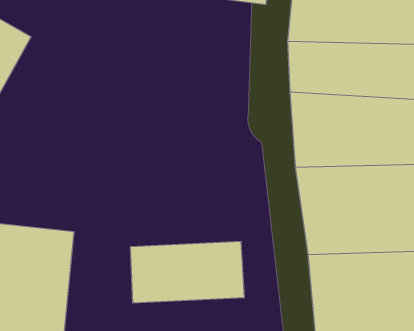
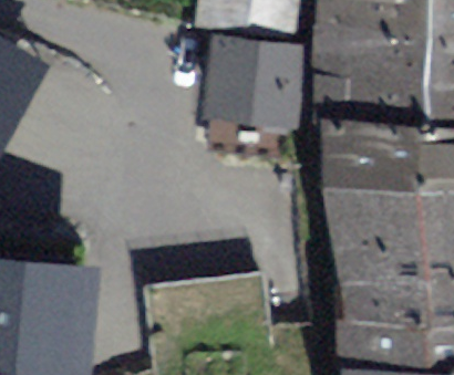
building: none -> [214,45,295,118]

